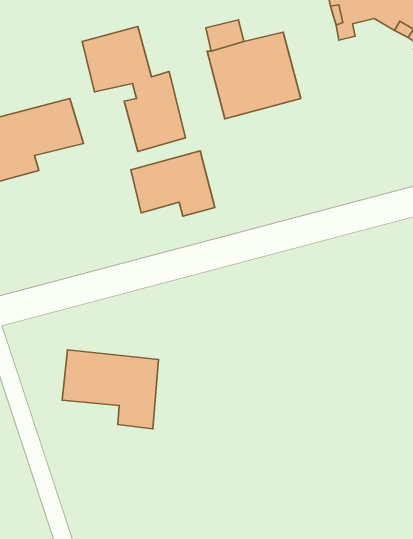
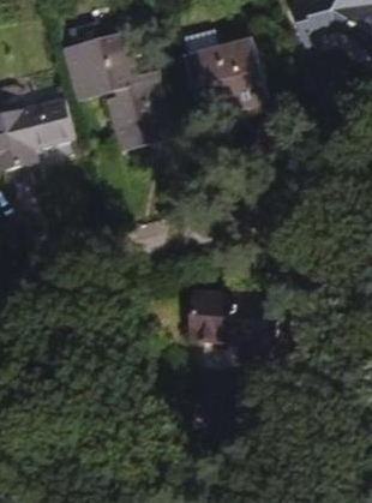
building: [131,151,215,216] -> none
building: [62,350,158,429] -> [190,292,275,361]

